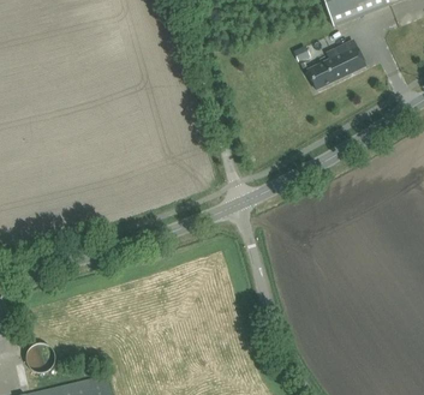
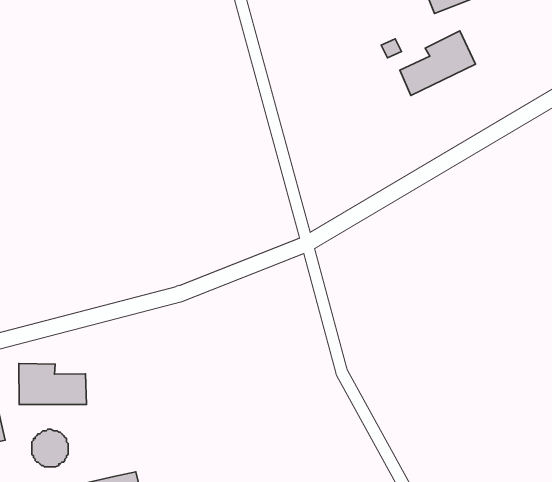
building: none -> [19,364,86,404]

